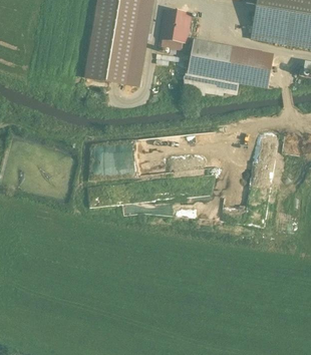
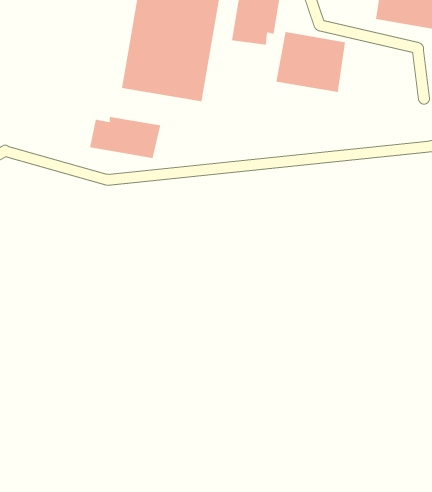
building: [227,47,273,87] -> none
building: none -> [89,116,161,159]

